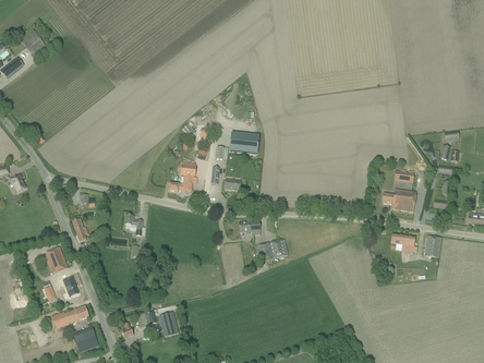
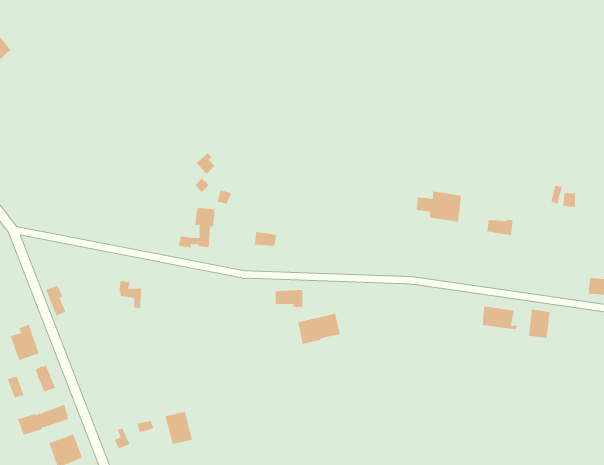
building: [229,131,257,153] -> none
building: [382,187,415,210] -> [416,191,462,222]

